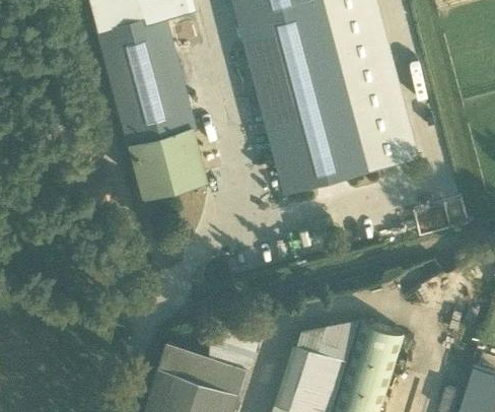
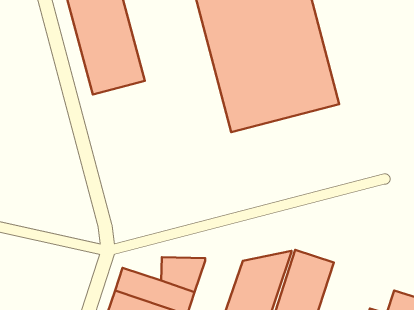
building: [131,131,202,194] -> none

